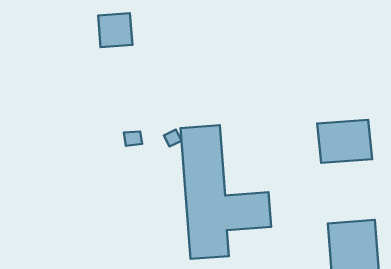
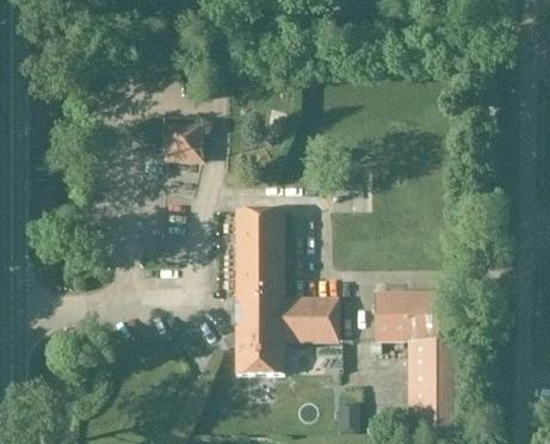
building: [98,13,132,47] -> [166,124,205,164]
building: [317,120,372,163] -> [375,292,439,341]

